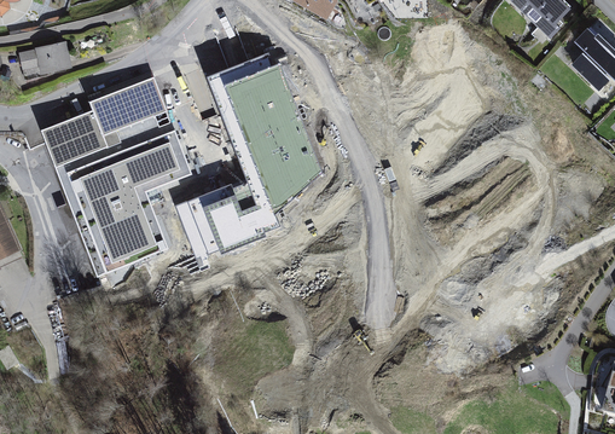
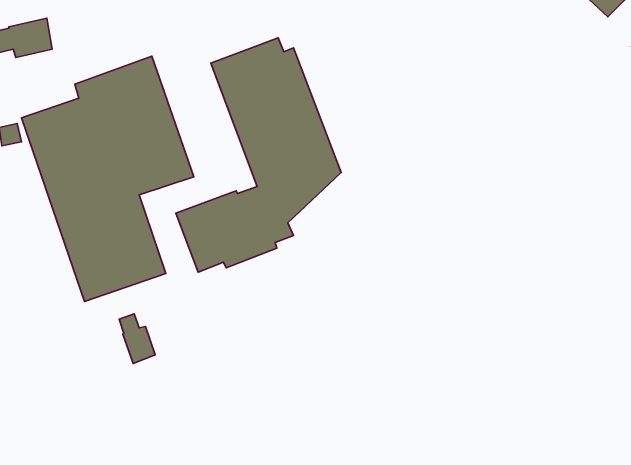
building: none -> [119,314,155,363]

